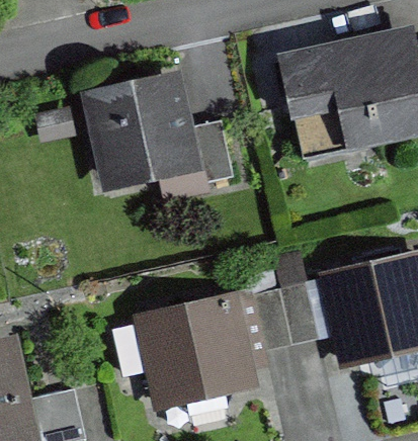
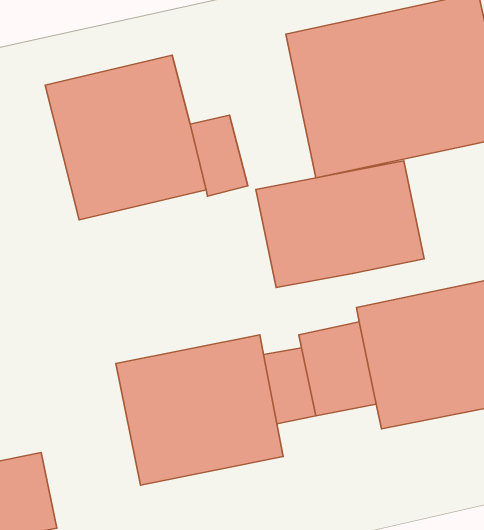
building: none -> [256,161,424,288]

